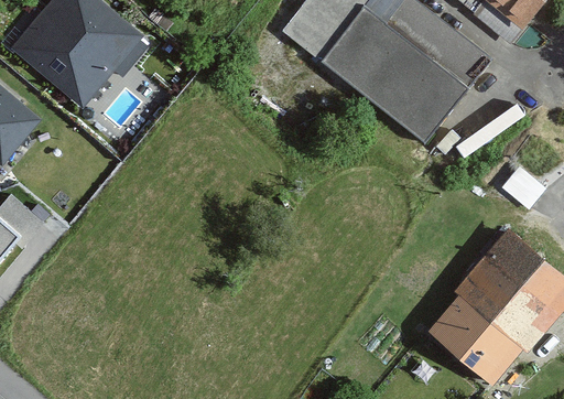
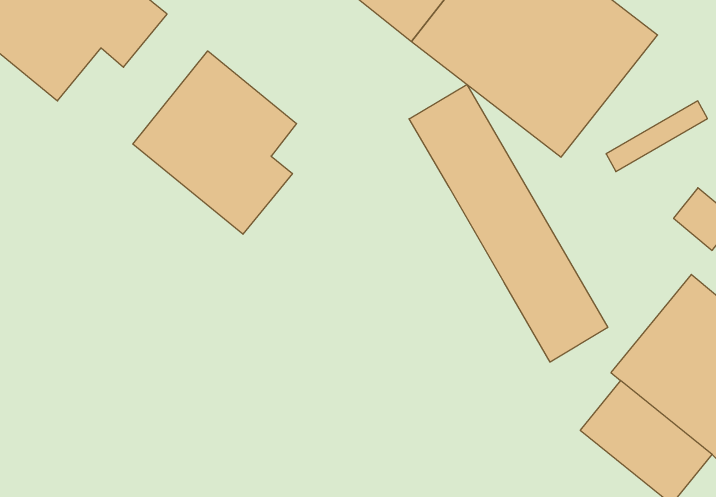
building: none -> [133,51,297,234]
building: none -> [409,84,608,362]

